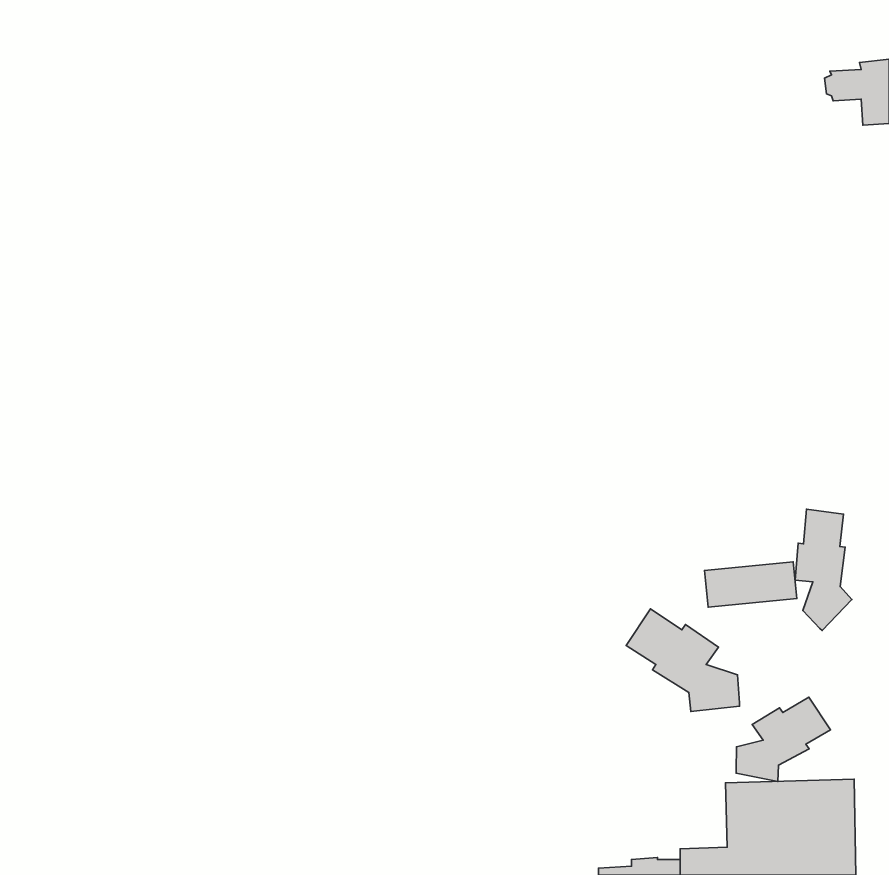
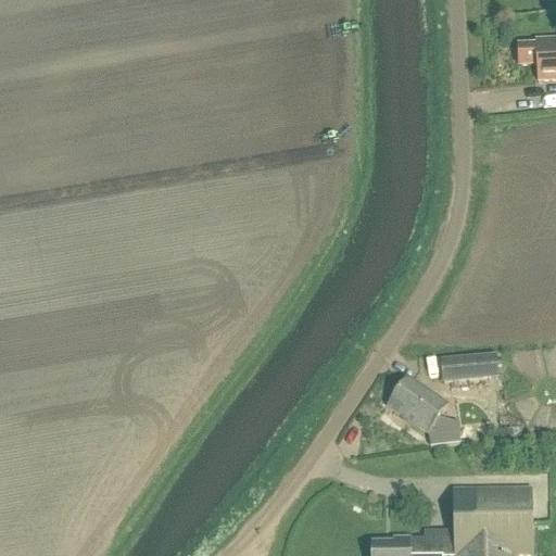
building: [795,509,852,631] -> none
building: [736,697,831,781] -> none

